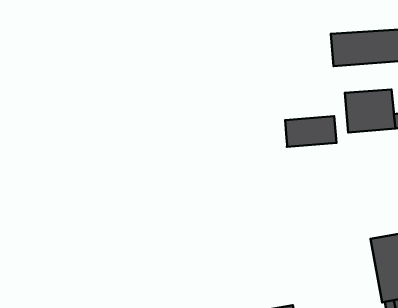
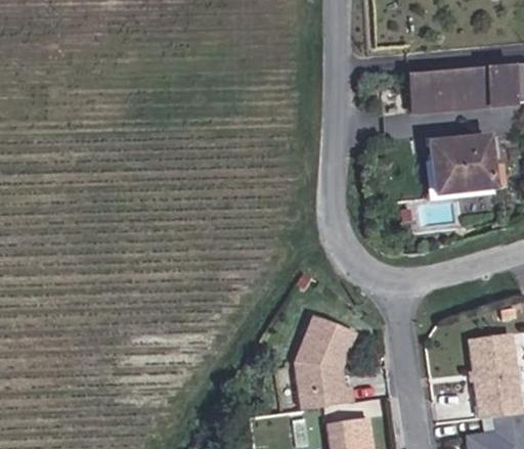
building: [285,116,337,147] -> none
building: none -> [291,312,350,406]

